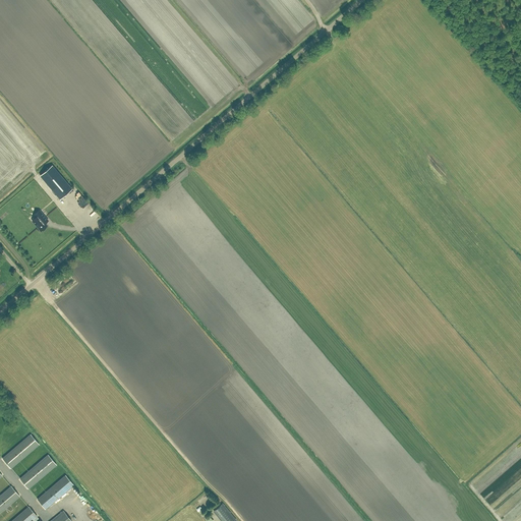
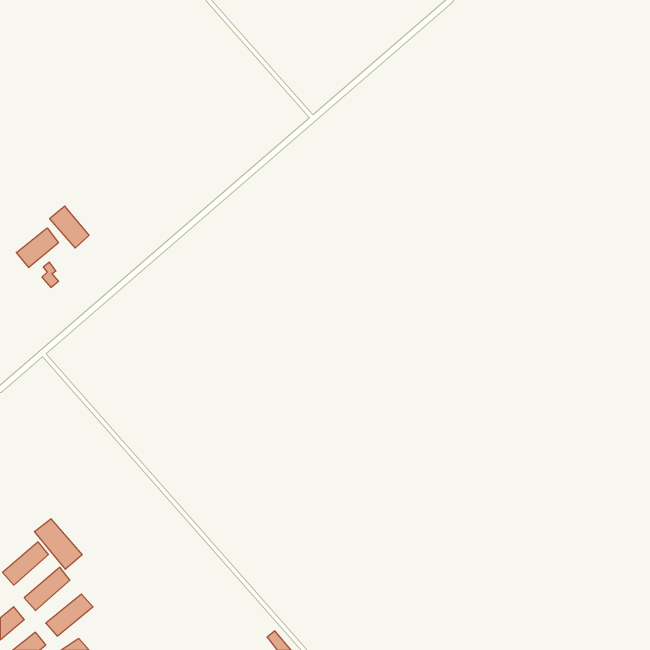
building: none -> [16,228,58,268]
building: none -> [34,519,82,569]

